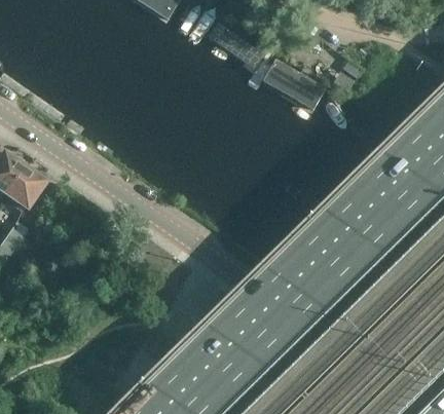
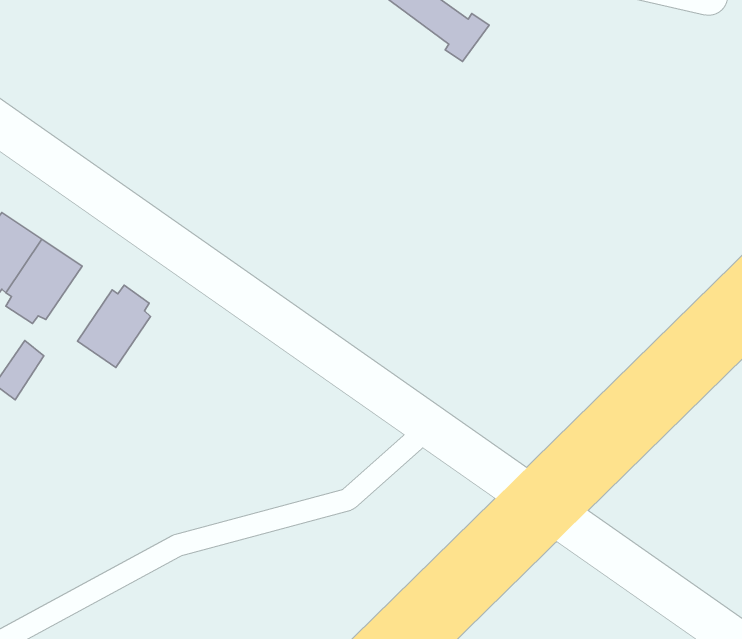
building: [262,59,324,109] -> none
building: none -> [78,285,151,368]

